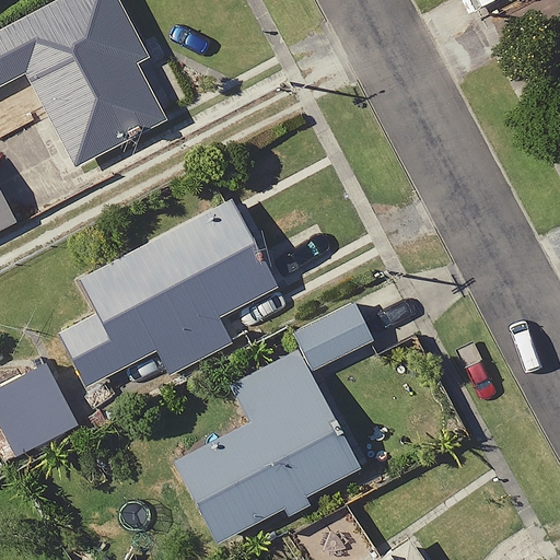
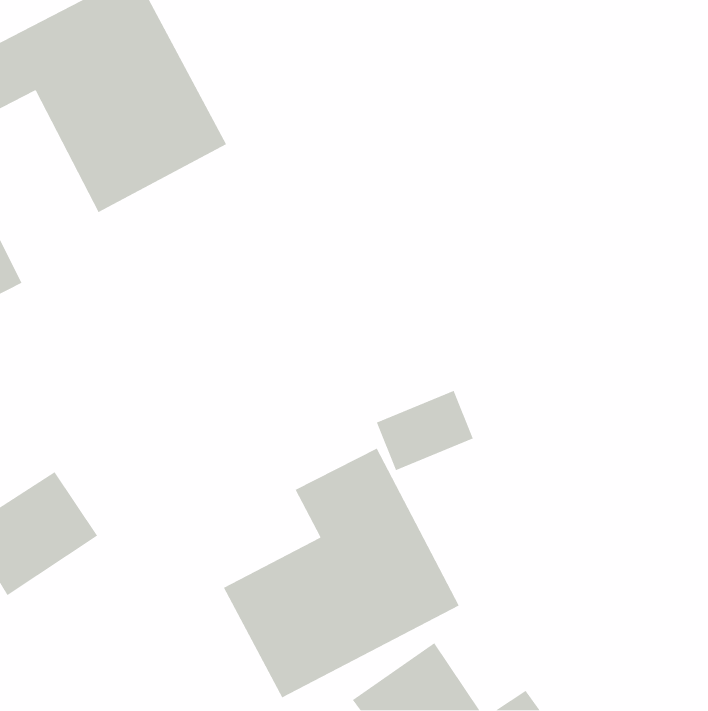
building: [61,207,275,382] -> none

